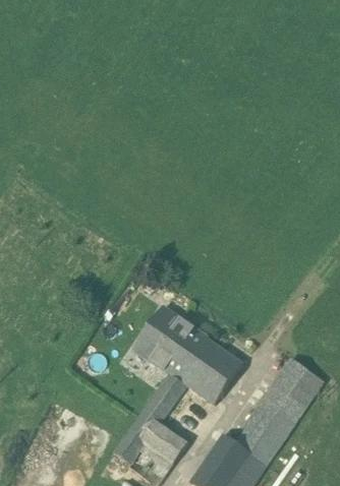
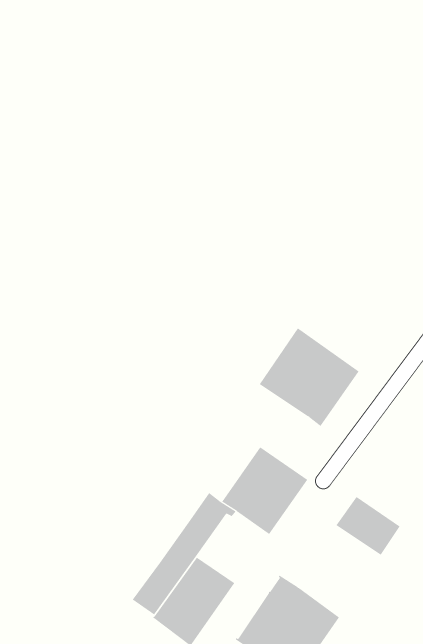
building: [133,306,208,379] -> [259,328,359,427]
building: [279,358,324,398] -> none
building: [236,397,297,465] -> none

